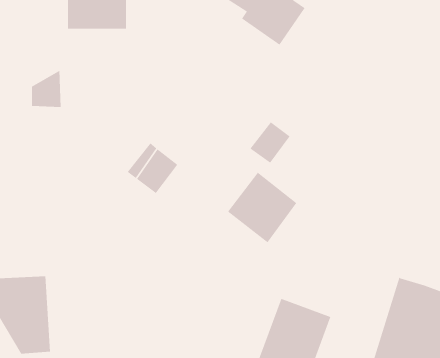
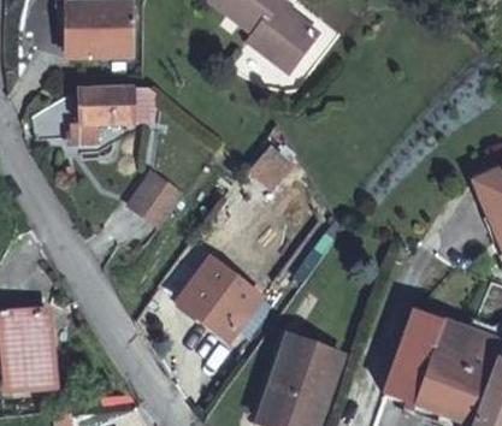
building: none -> [70,88,152,143]
building: [227,172,297,243] -> [182,258,254,331]

